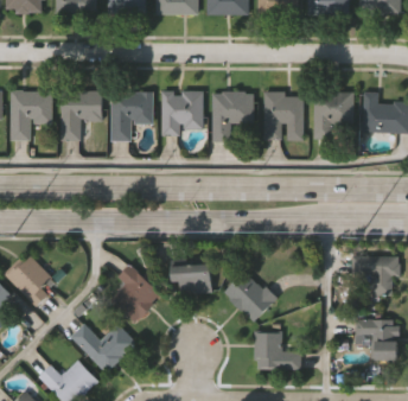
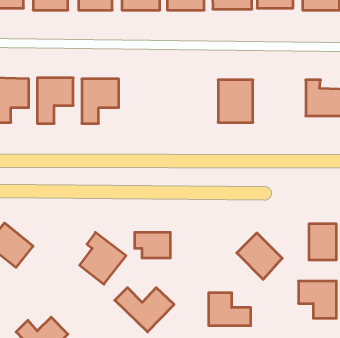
building: [161,90,203,132] -> none
building: [213,91,253,141] -> none
building: [314,93,353,139] -> none
building: [224,268,275,320] -> [237,233,282,279]
building: [70,322,136,371] -> [115,288,174,332]

